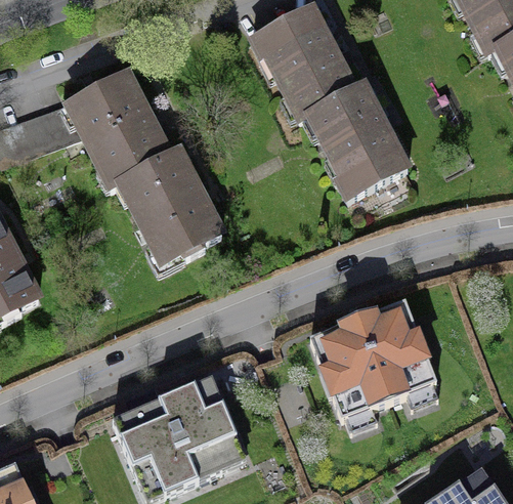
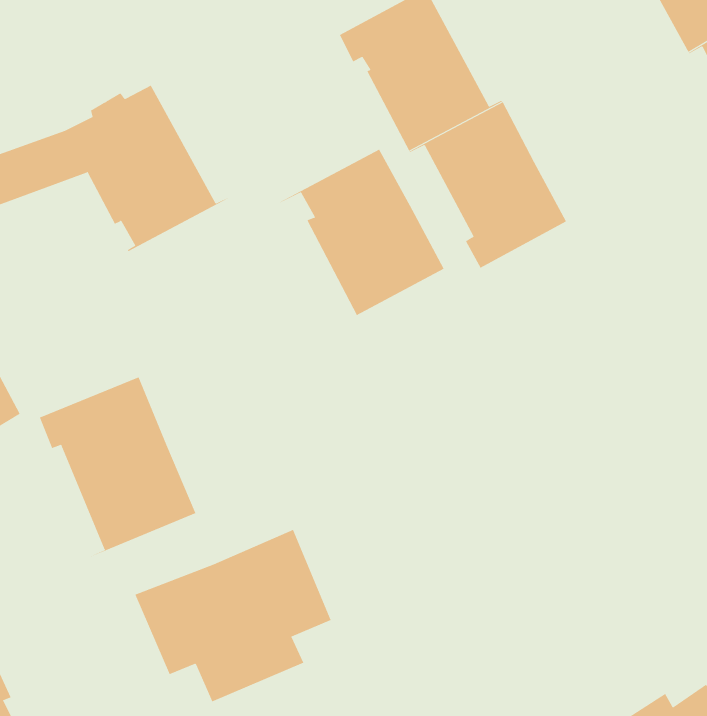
building: [109,150,220,262] -> [279,149,445,316]
building: none -> [39,377,196,558]
building: [306,297,447,419] -> none

